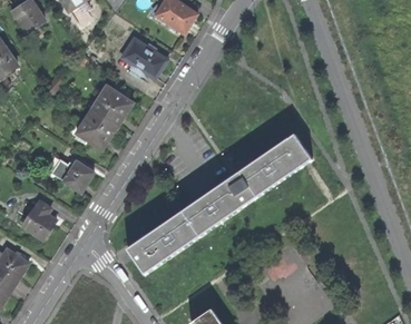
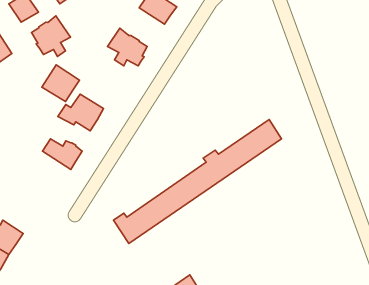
building: none -> [32,16,71,56]
building: [90,85,131,125] -> [42,65,80,101]
building: [21,200,55,238] -> none

